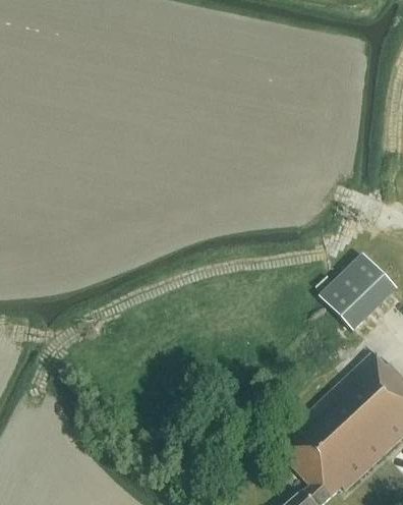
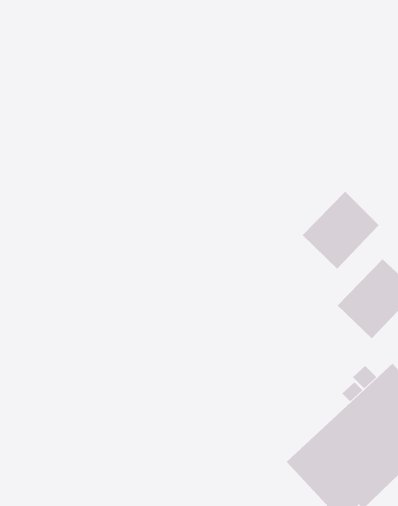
building: none -> [302,191,380,269]

